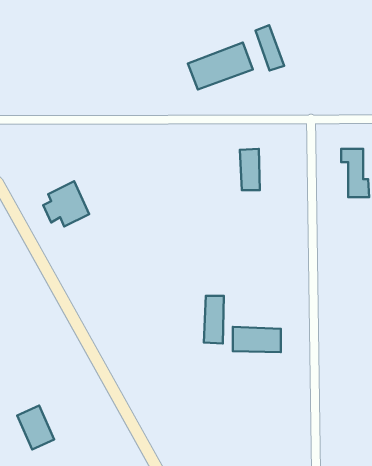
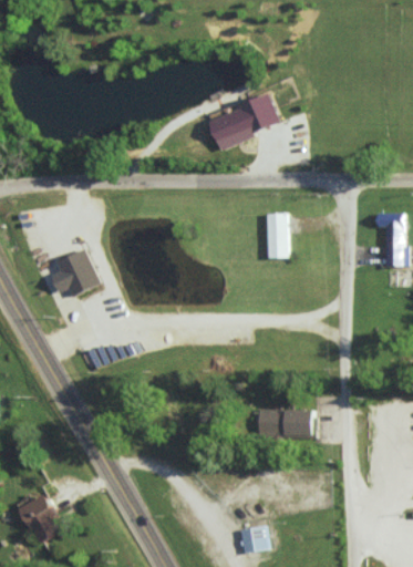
building: [256,25,284,71] -> none
building: [204,296,224,343] -> none
building: none -> [239,525,268,554]

